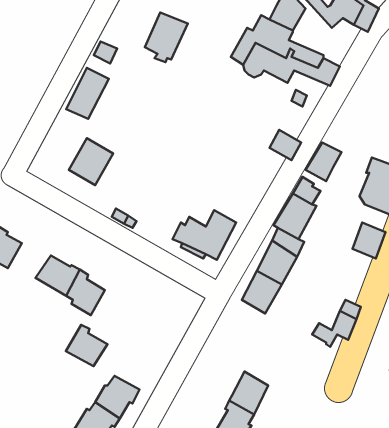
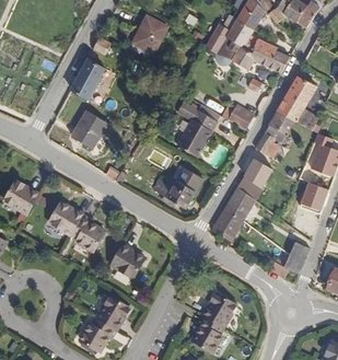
building: none -> [275,80,313,131]
building: none -> [178,100,220,155]
building: [66,325,107,366] -> [110,242,143,275]

